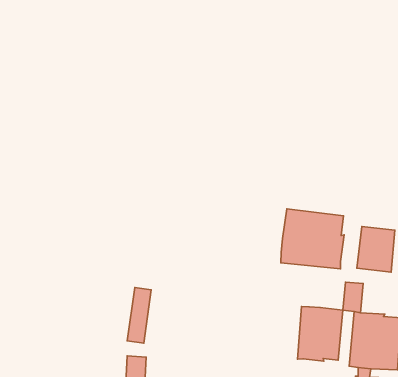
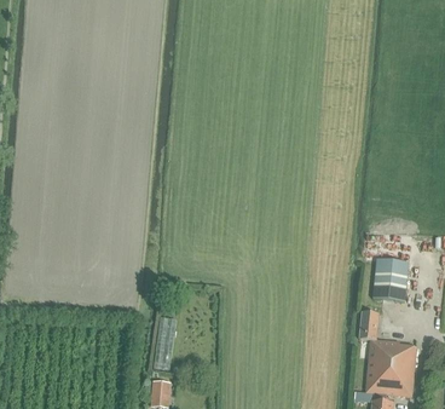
building: [281,209,344,269] -> none
building: [297,307,343,361] -> none

